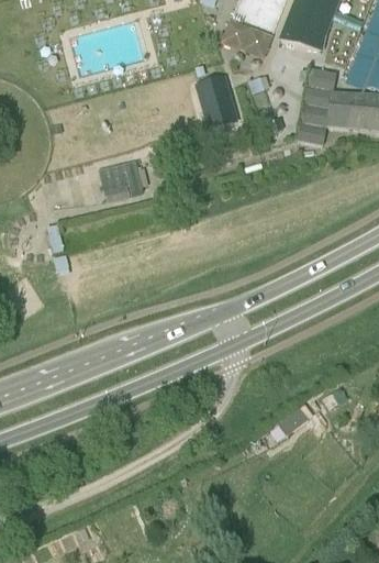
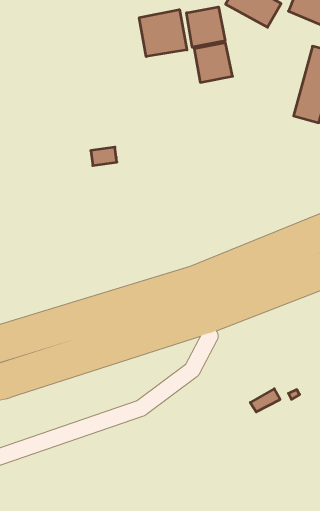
building: none -> [187,7,225,47]
building: none -> [139,10,187,57]

